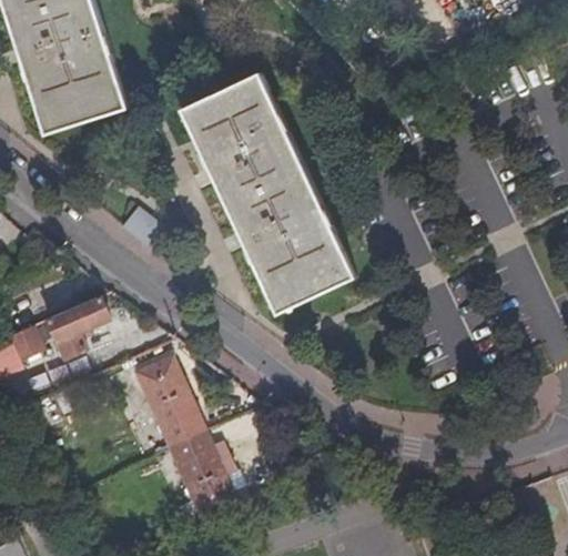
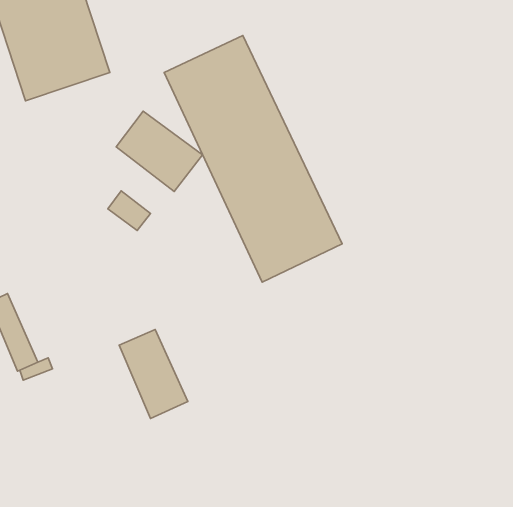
building: none -> [116,111,202,192]
building: [41,295,104,363] -> none
building: [166,431,236,522] -> none

